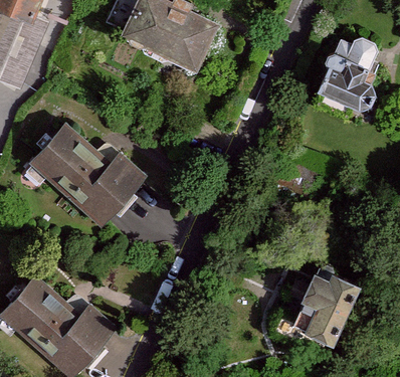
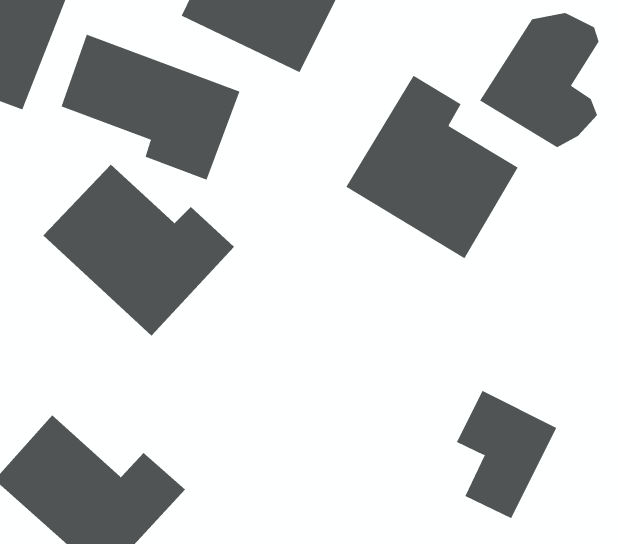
building: none -> [61,34,240,180]
building: none -> [346,75,518,259]

